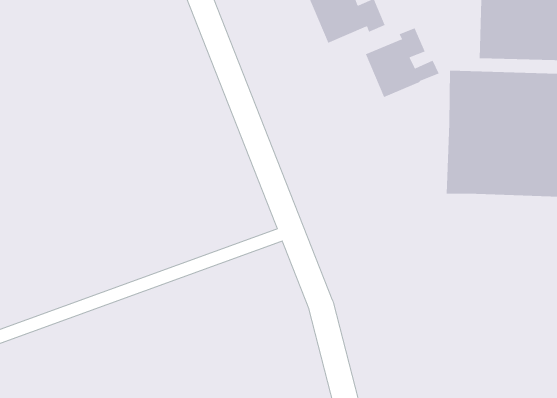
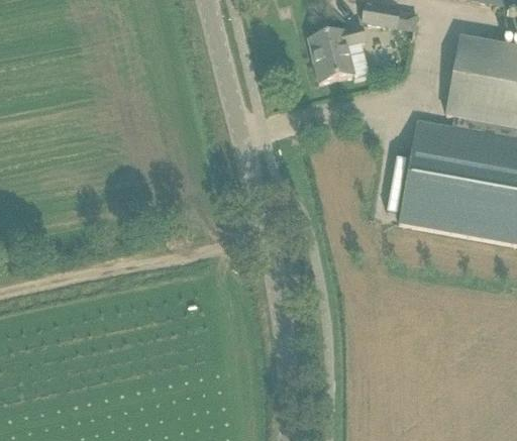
building: [365,27,439,98] -> none

